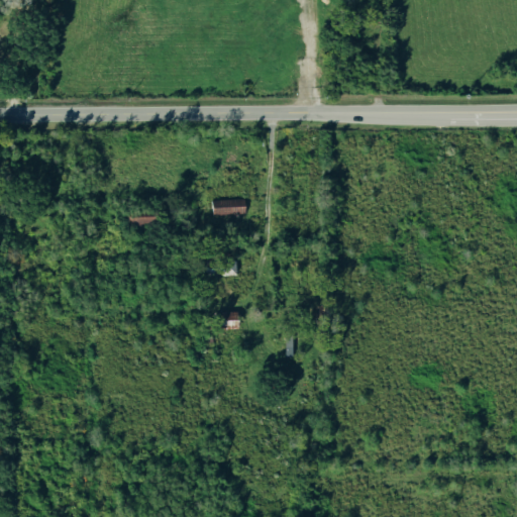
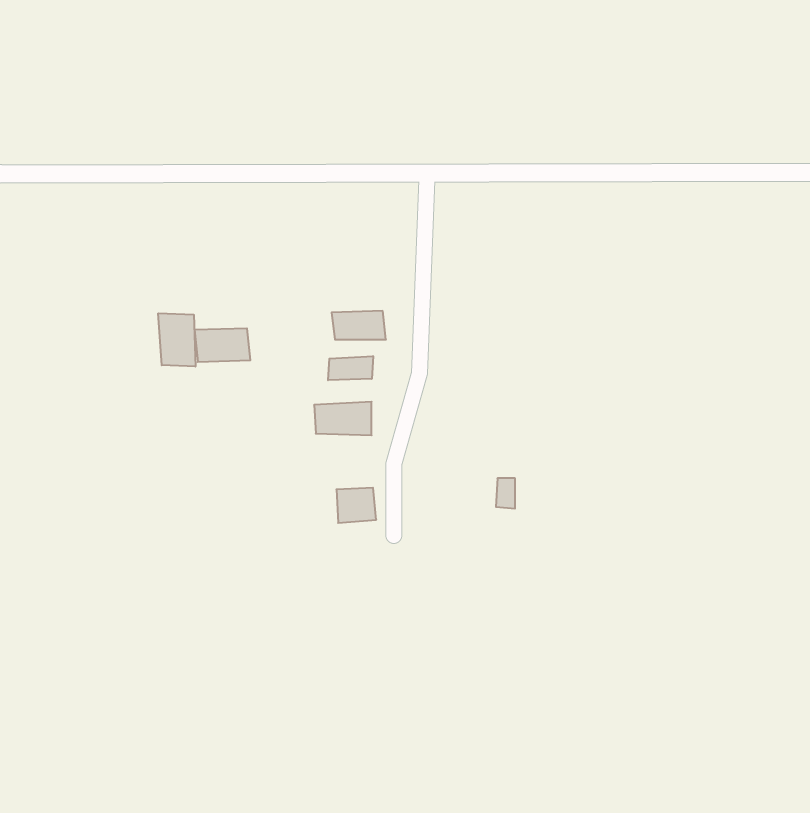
building: none -> [158,313,195,367]
building: none -> [328,356,373,380]

